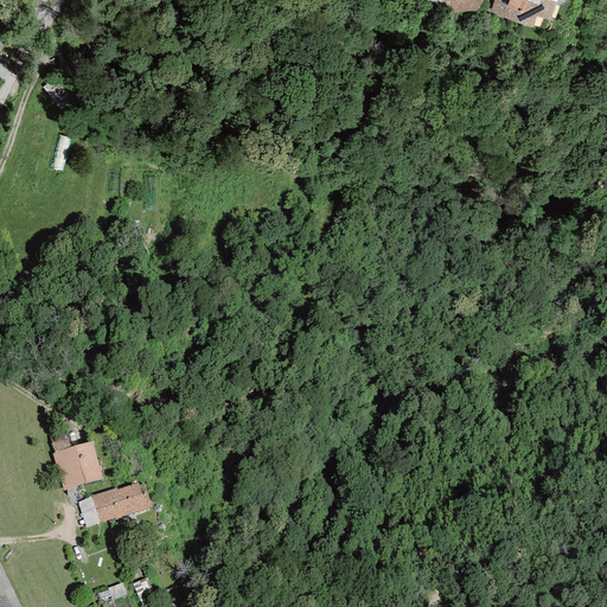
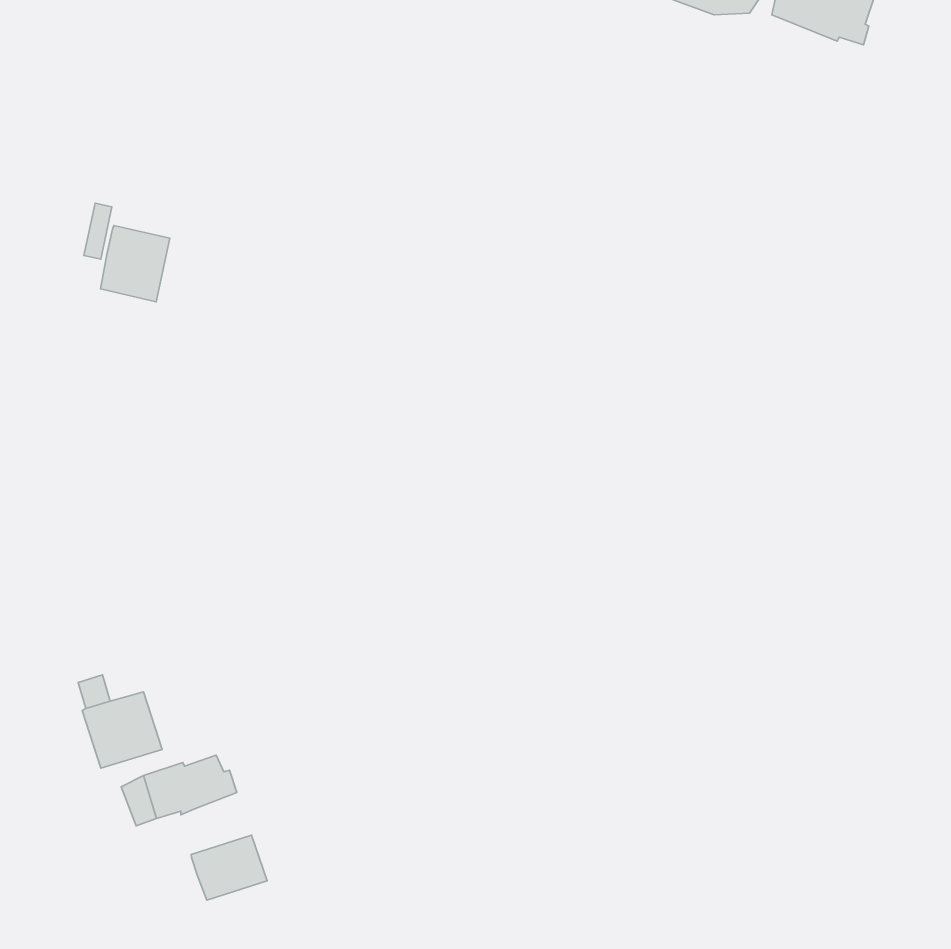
building: none -> [100,225,170,302]
building: none -> [191,835,267,900]

